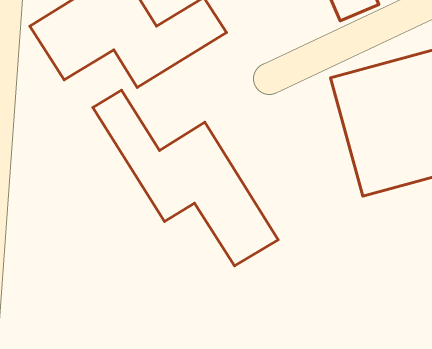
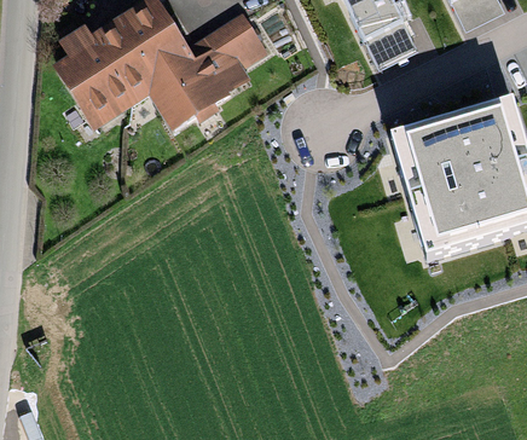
building: [93,90,278,266] -> none

